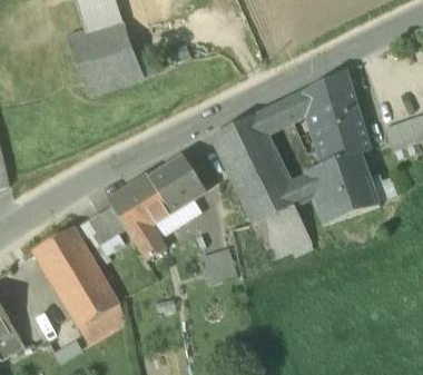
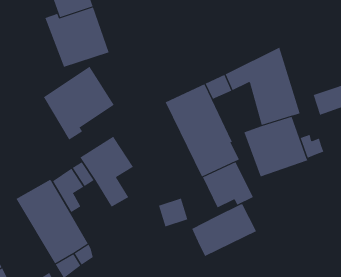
building: none -> [43,66,115,141]
building: [150,155,206,211] -> none
building: none -> [191,203,257,257]

